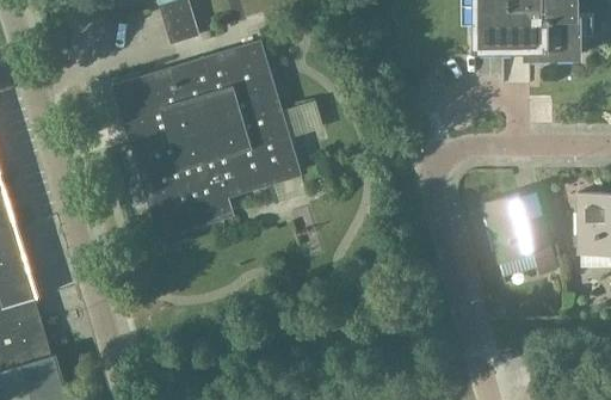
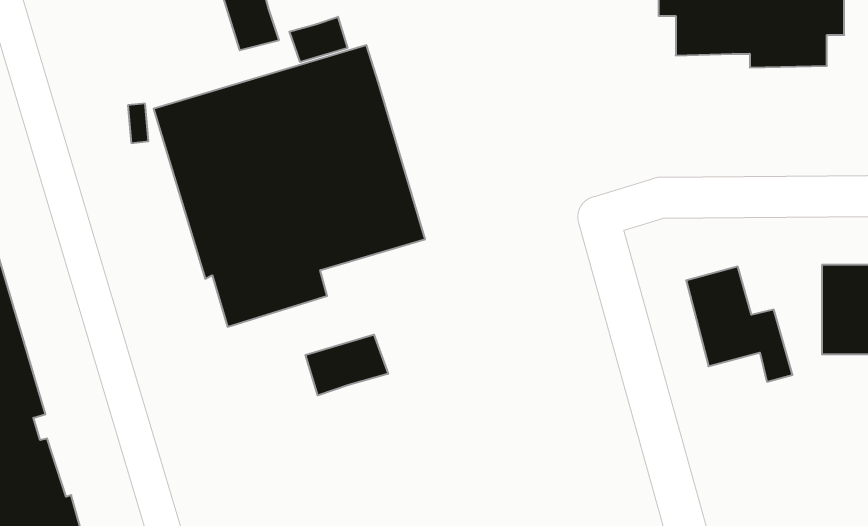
building: none -> [289,17,347,62]
building: none -> [305,335,388,395]

